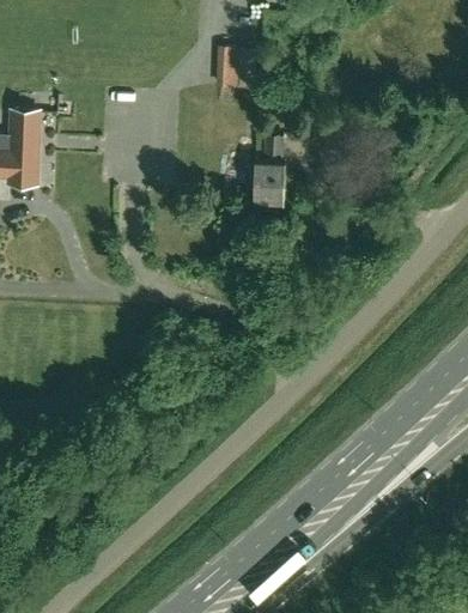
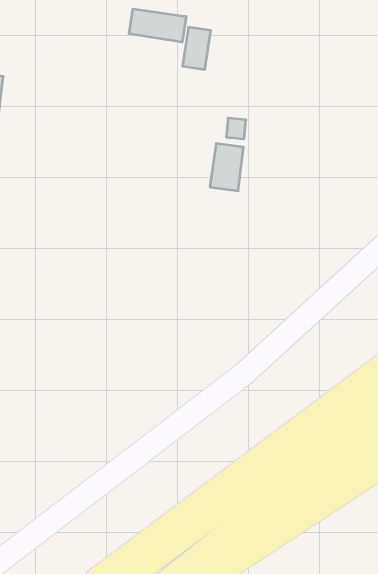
building: none -> [129,9,186,42]

